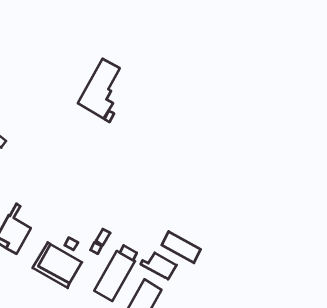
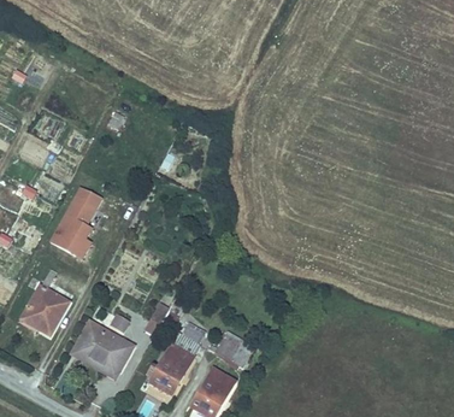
building: [78,59,120,118] -> [49,183,102,259]
building: [162,231,201,263] -> none

